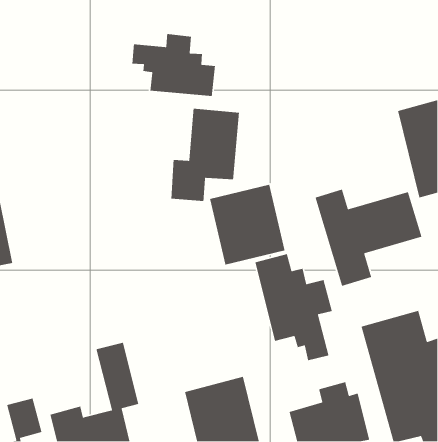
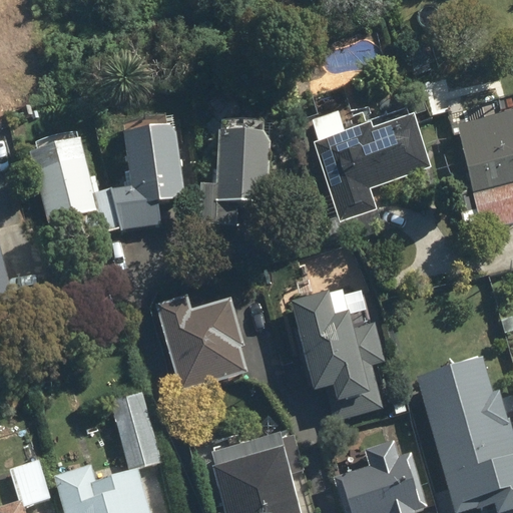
building: [131,33,216,97] -> none
building: none -> [30,116,182,237]
building: [209,184,286,266] -> [162,298,250,392]
building: [315,189,422,287] -> [309,111,433,224]

